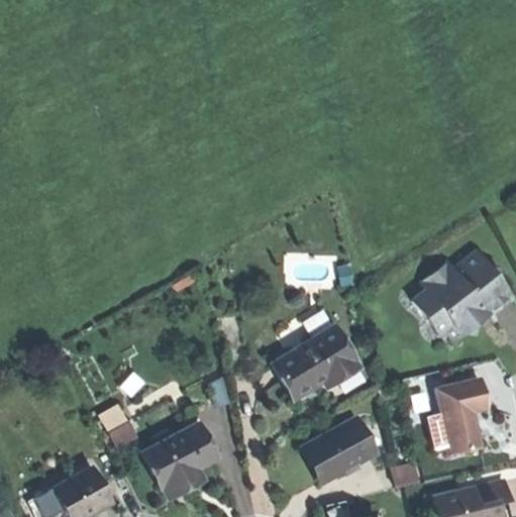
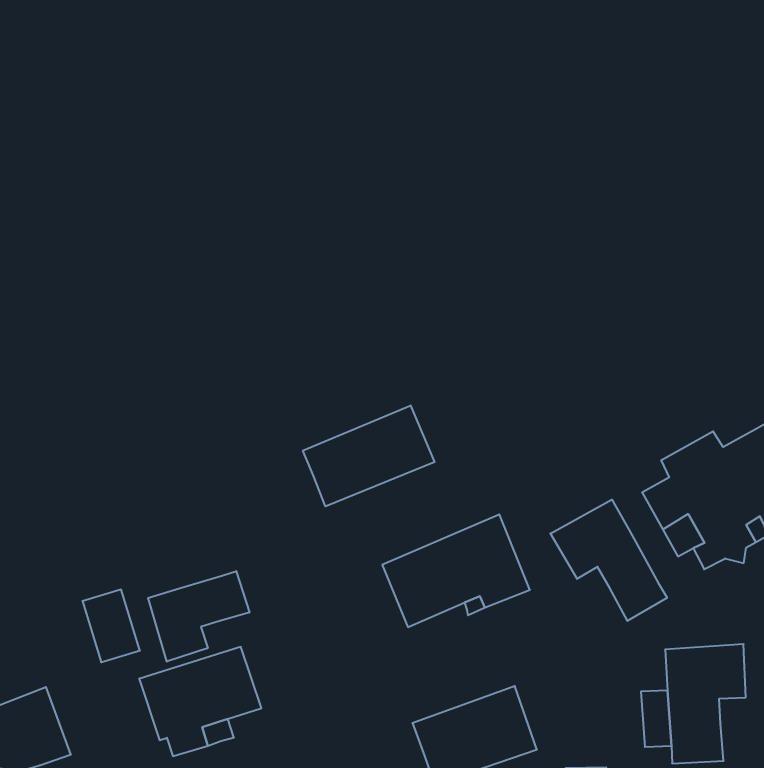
building: none -> [303,405,435,506]
building: none -> [550,500,667,621]
building: none -> [148,571,249,662]

